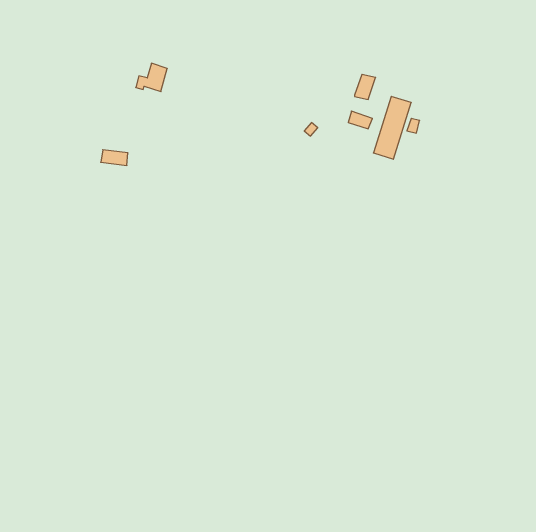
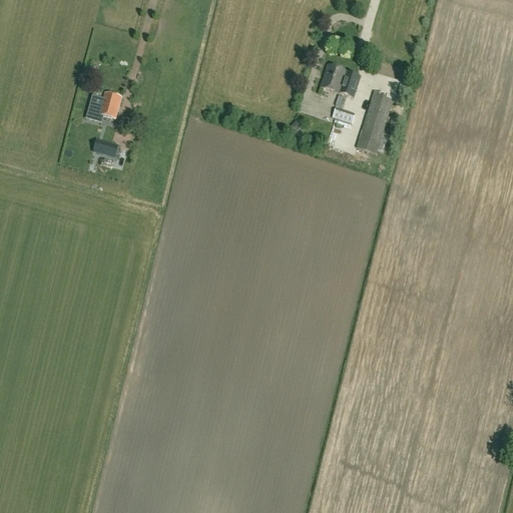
building: [136,63,167,92] -> [91,90,121,117]
building: none -> [320,63,347,93]

